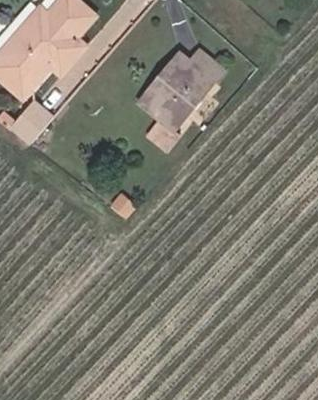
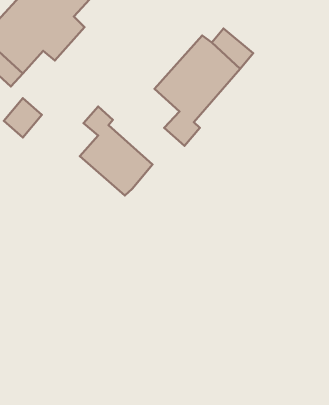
building: none -> [80,107,153,196]

